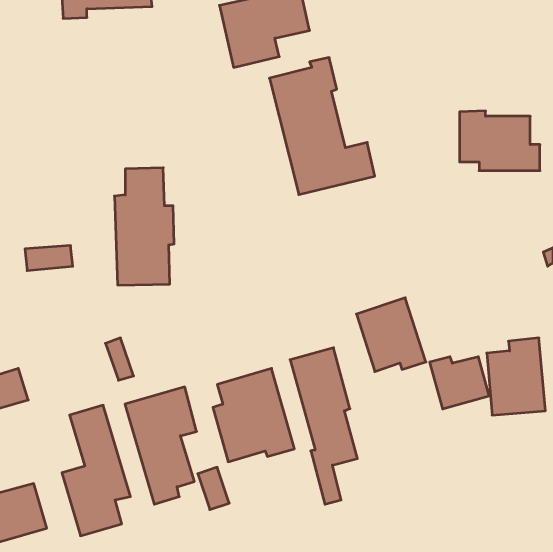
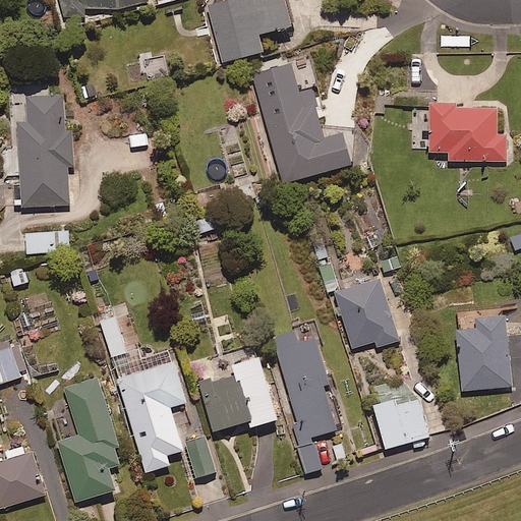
building: [114,168,174,285] -> [16,97,72,207]
building: [430,357,489,409] -> [372,400,428,449]

